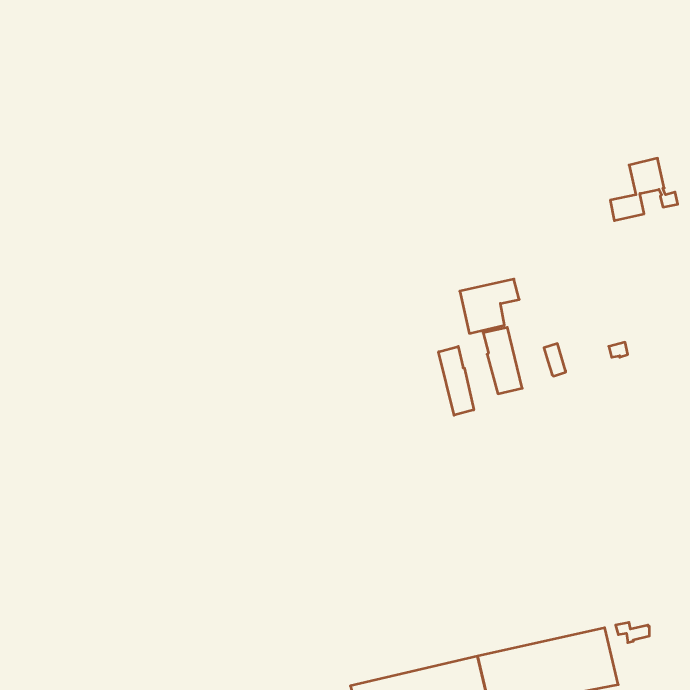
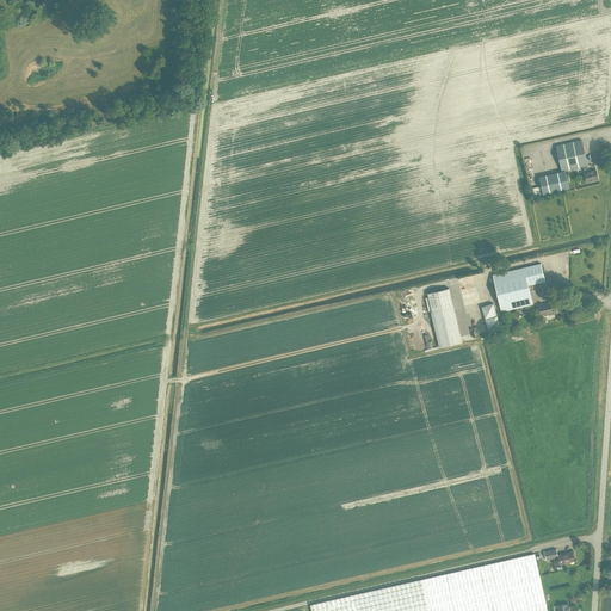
building: [460,279,519,333] -> [492,265,544,313]
building: [439,346,474,415] -> none

